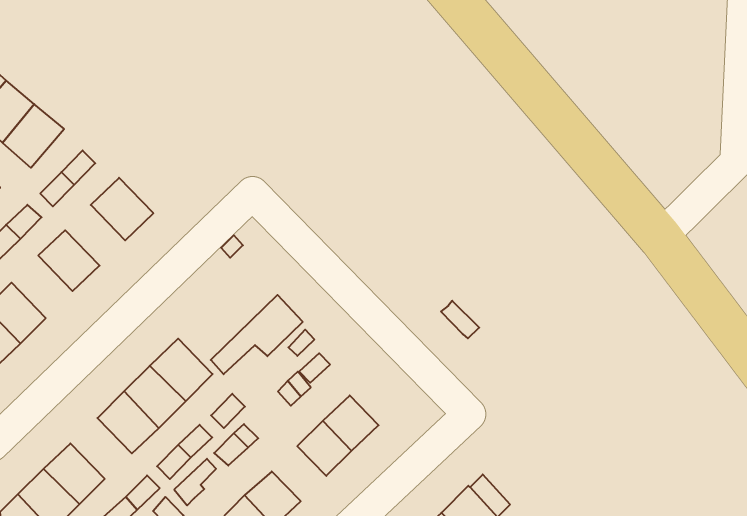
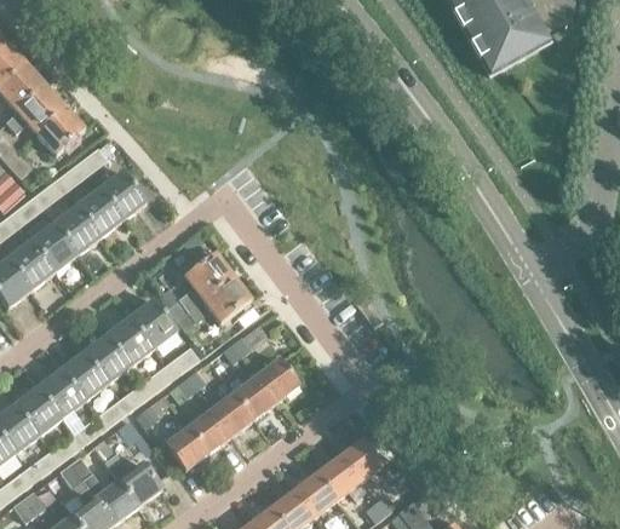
building: none -> [76,190,121,237]
building: none -> [30,224,76,272]
building: none -> [167,253,232,320]
building: none -> [61,353,107,401]
building: none -> [212,393,253,436]

